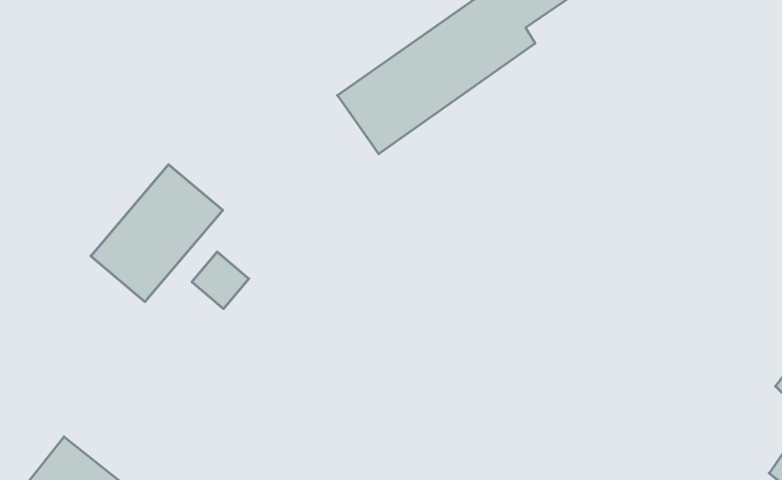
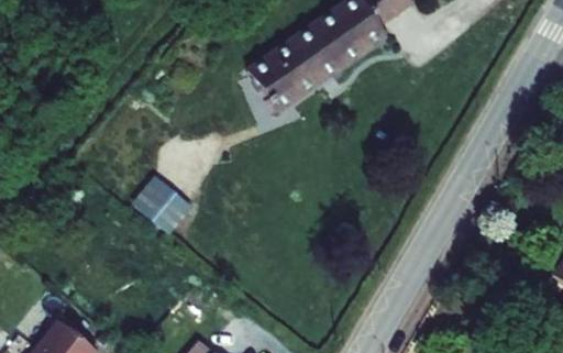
building: [91,165,223,302] -> none

